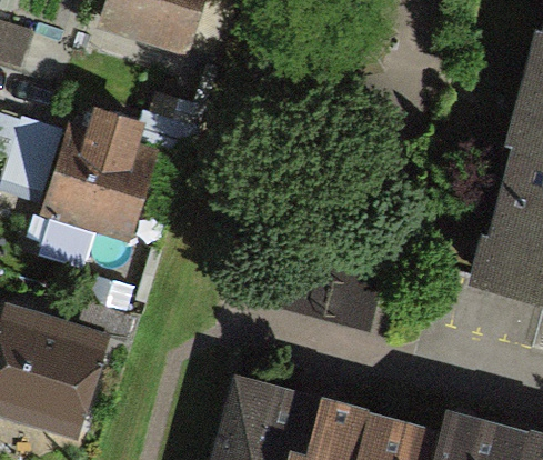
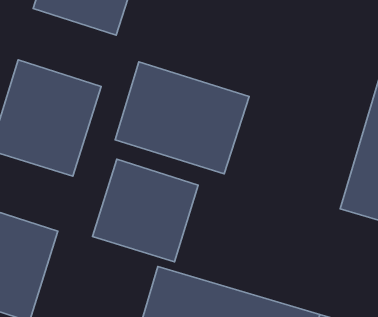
building: none -> [115,62,249,174]
building: none -> [93,159,198,262]

